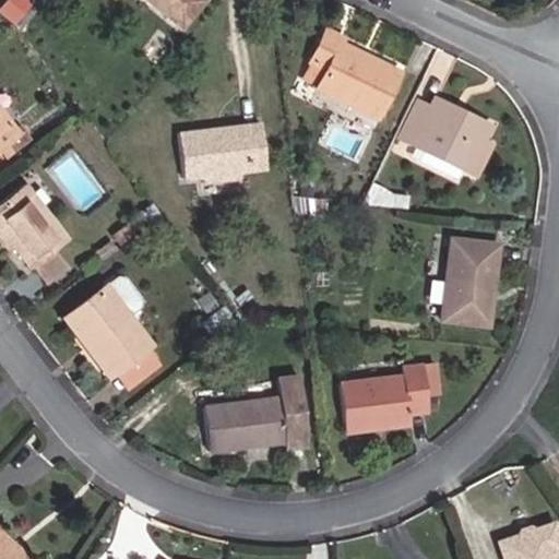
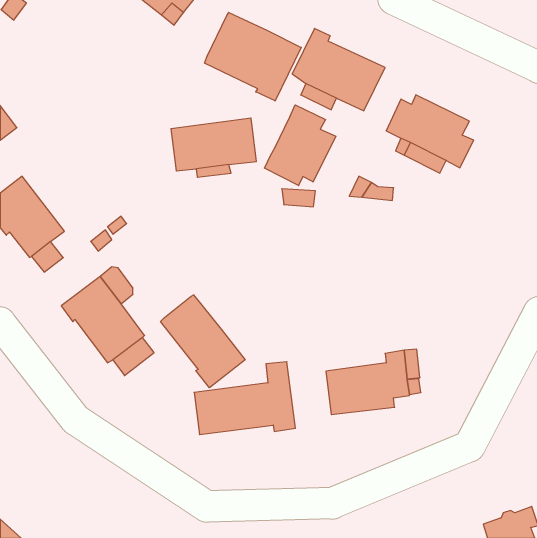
building: none -> [205,12,301,101]
building: none -> [264,105,336,186]
building: [442,237,499,324] -> none
building: none -> [161,295,245,388]

